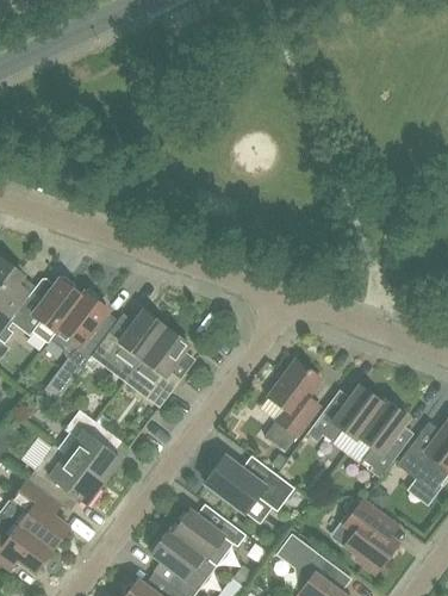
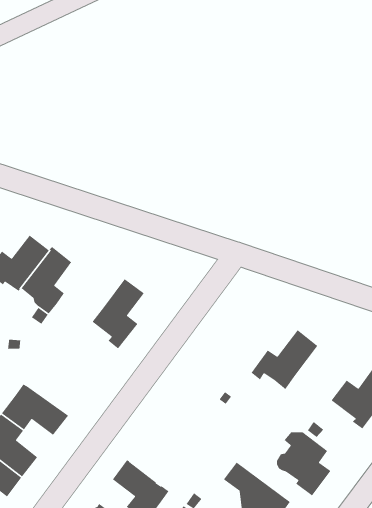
building: [91,310,166,377] -> none
building: [263,360,321,452] -> none
building: [346,399,409,478] -> none
building: [57,410,120,482] -> none
building: [204,455,294,513] -> none
building: [172,510,245,566] -> none

